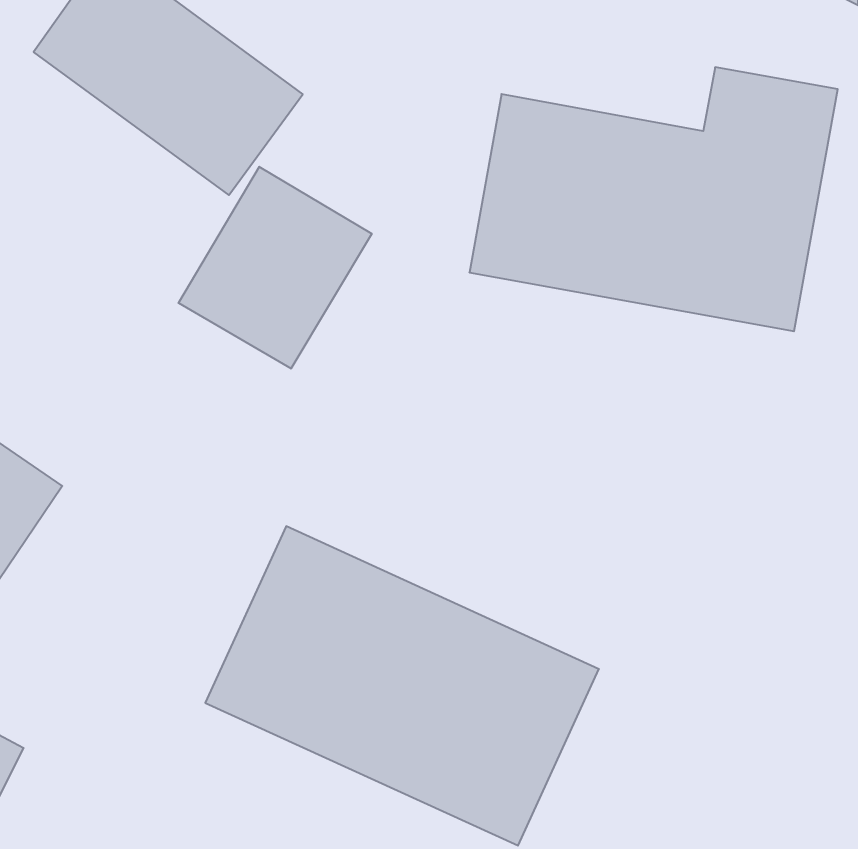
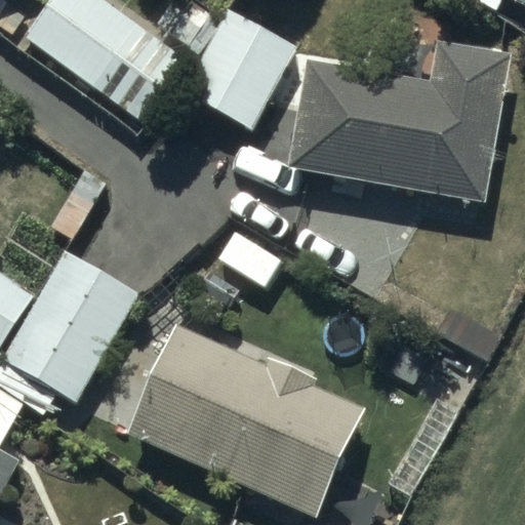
building: [178,167,372,368] -> [179,6,297,129]
building: none -> [10,255,133,400]

